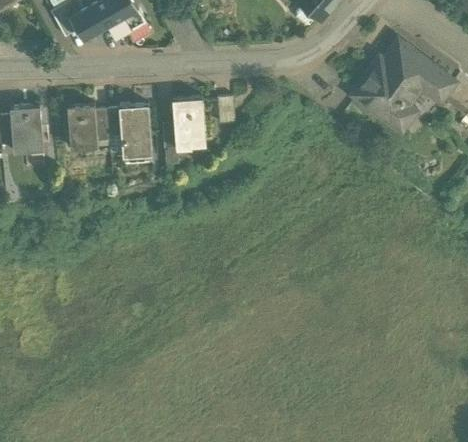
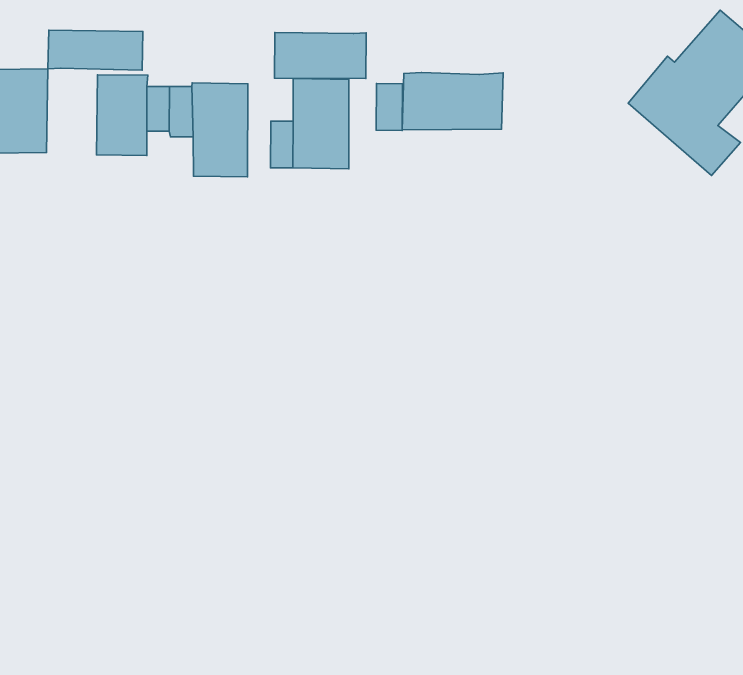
building: none -> [275,33,366,78]
building: none -> [48,30,143,70]
building: none -> [402,72,503,130]

